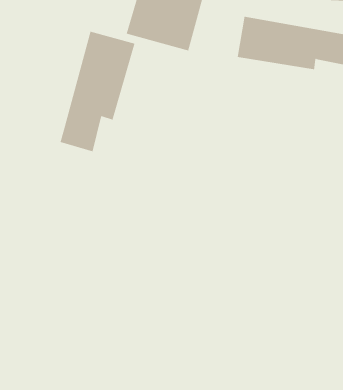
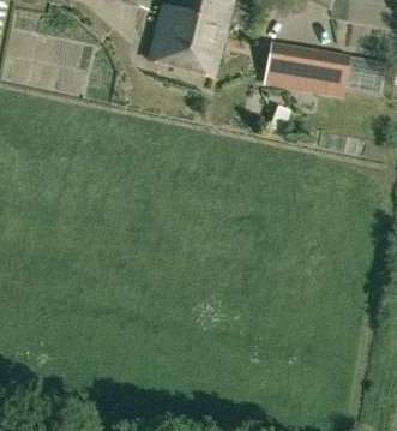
building: [60,31,135,152] -> none

